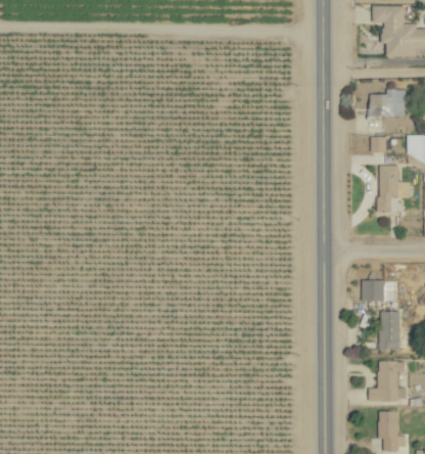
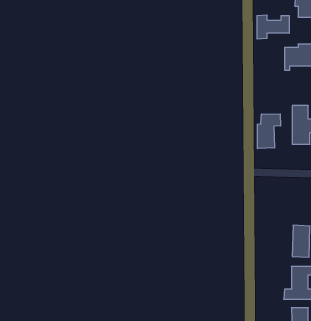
building: none -> [257,15,289,39]
building: none -> [258,114,281,149]
building: [362,280,397,302] -> none

